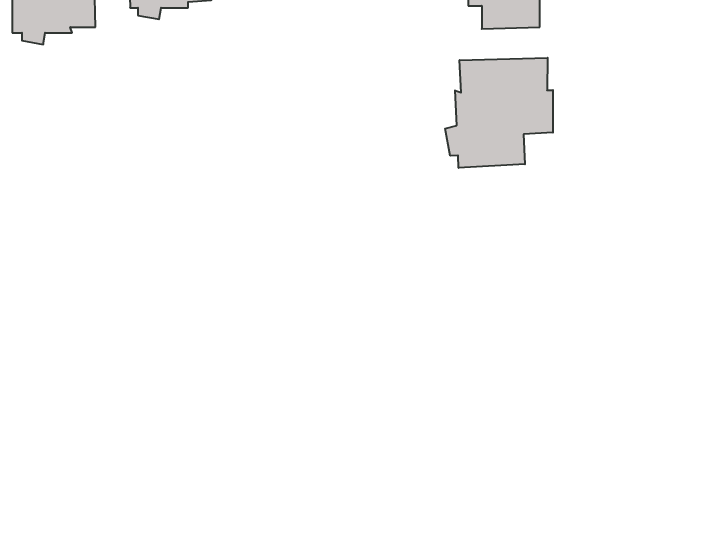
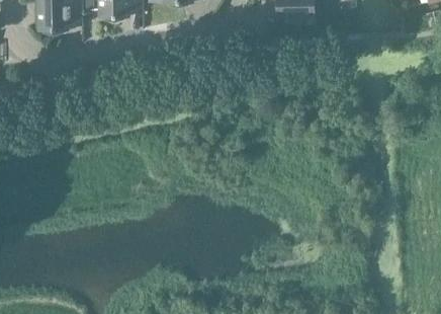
building: [445,58,553,168] -> none

